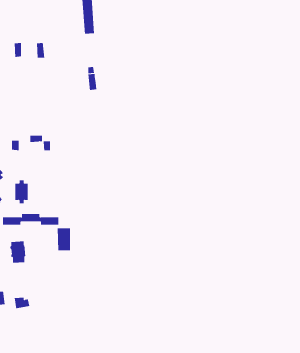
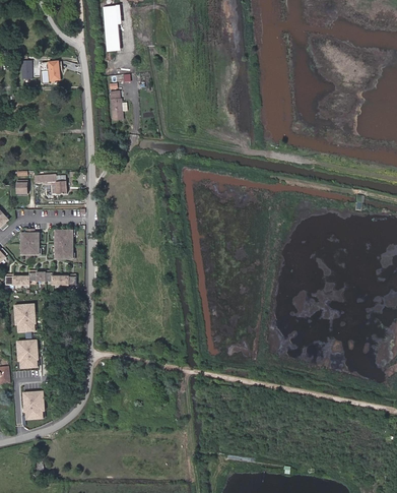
building: [57,228,71,251] -> [54,230,71,258]
building: none -> [16,340,37,367]
building: none -> [23,391,44,419]

